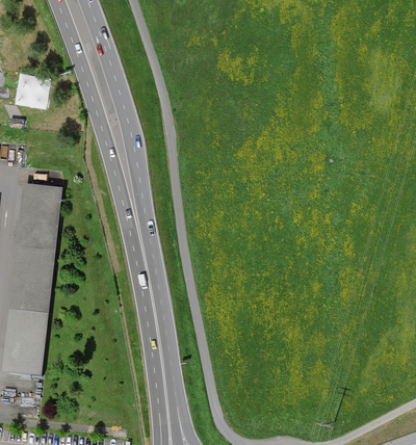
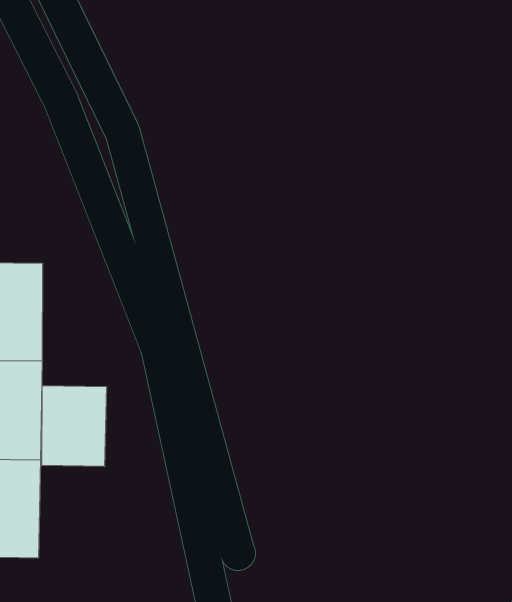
building: none -> [42,385,107,467]

